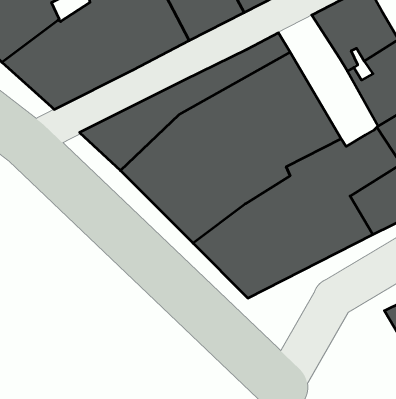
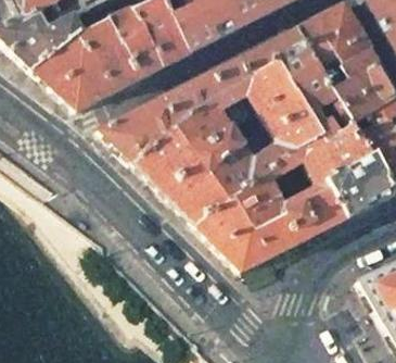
building: none -> [268,27,353,139]

